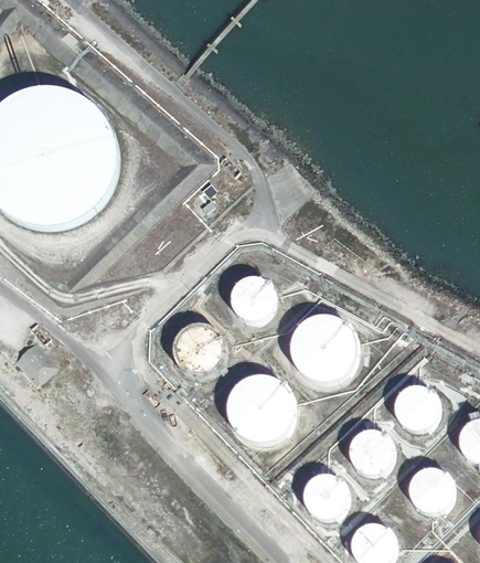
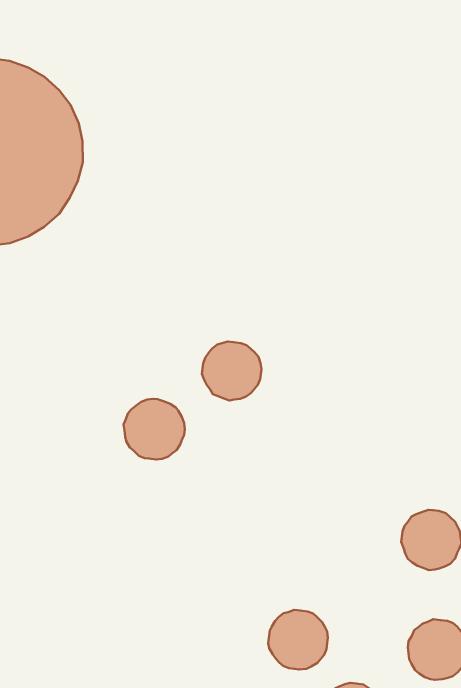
building: [289,315,355,380] -> none
building: [226,374,291,440] -> none
building: [348,428,392,472] -> none

